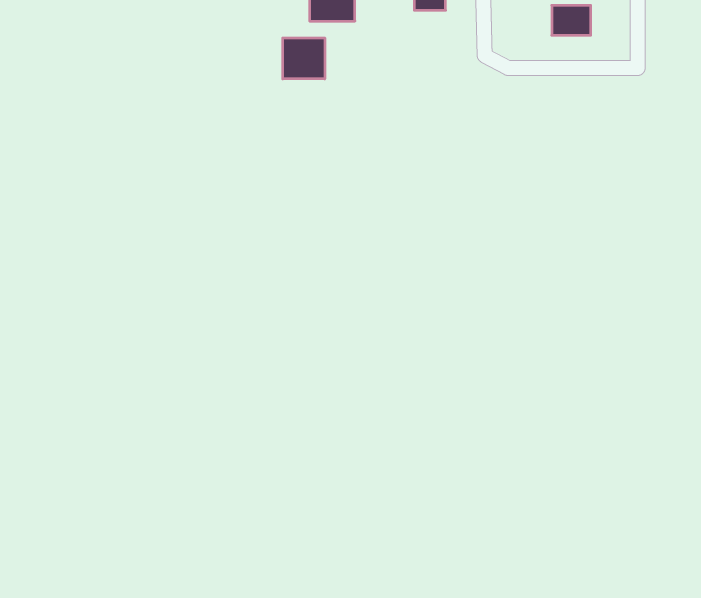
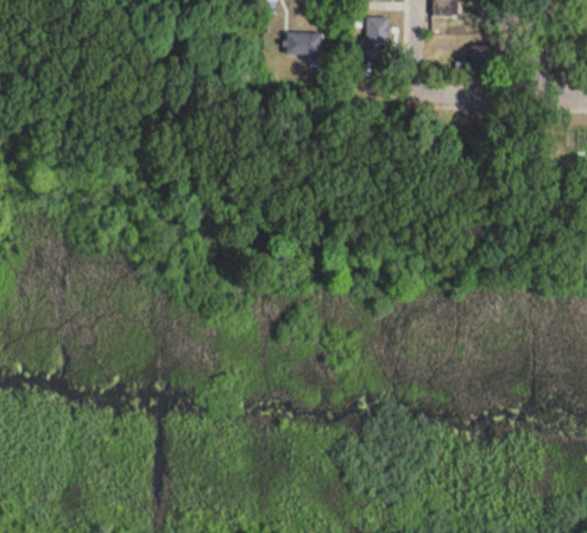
building: [283,38,325,79] -> none

